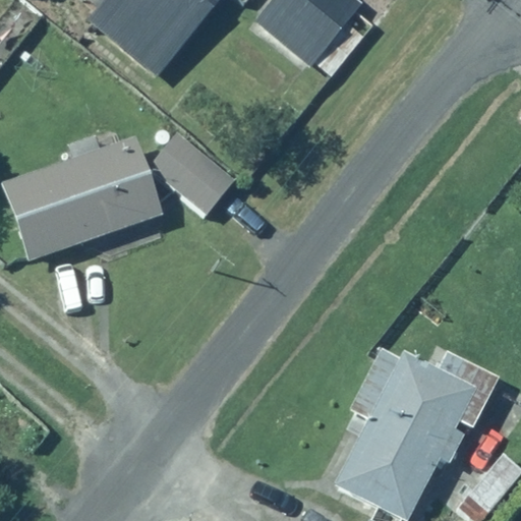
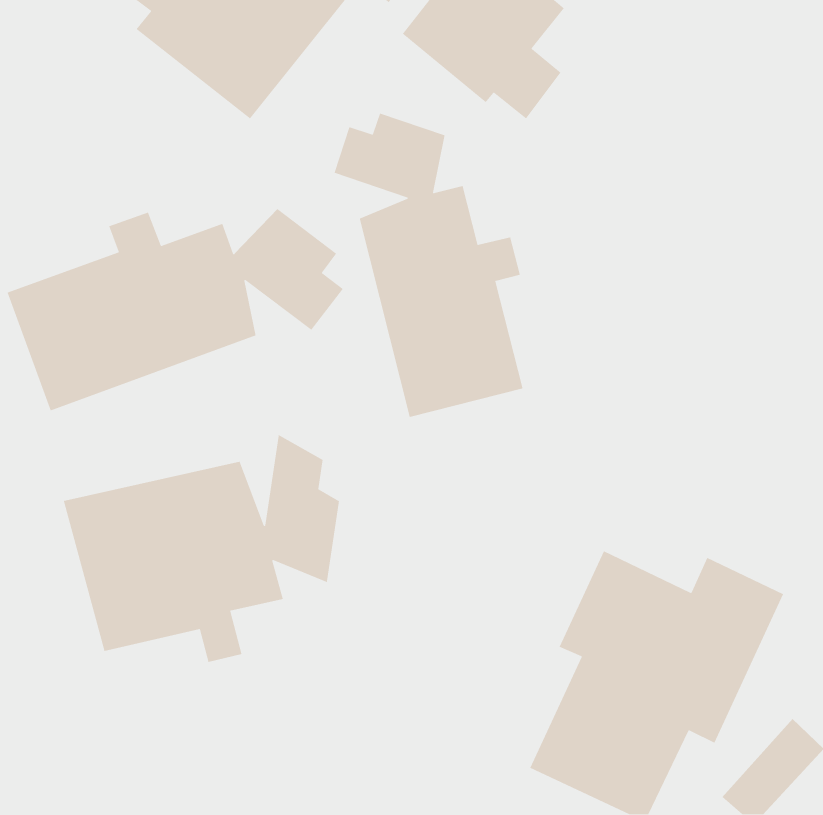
building: none -> [334,113,524,418]
building: none -> [63,434,340,663]

